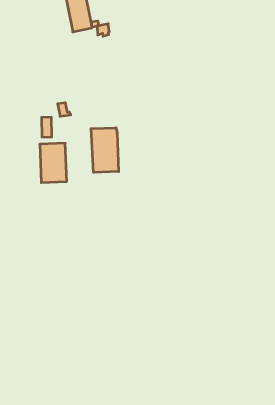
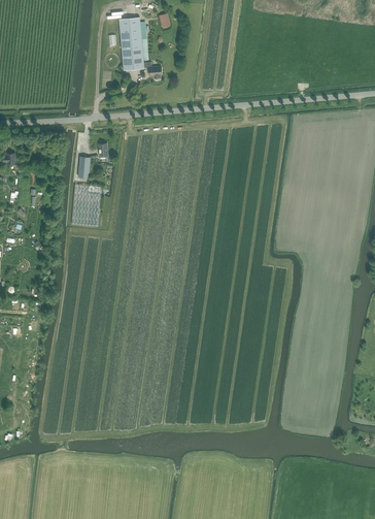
building: [91,128,119,172] -> none

